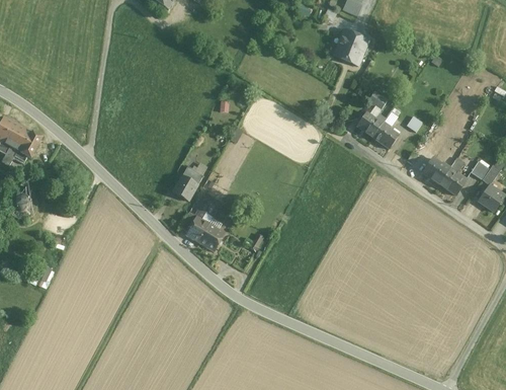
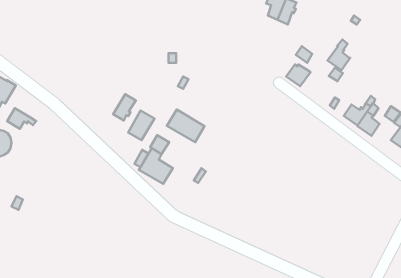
building: [371,113,398,149] -> [328,40,350,70]
building: none -> [113,94,136,120]
building: none -> [7,108,36,129]
building: none -> [167,109,205,142]

